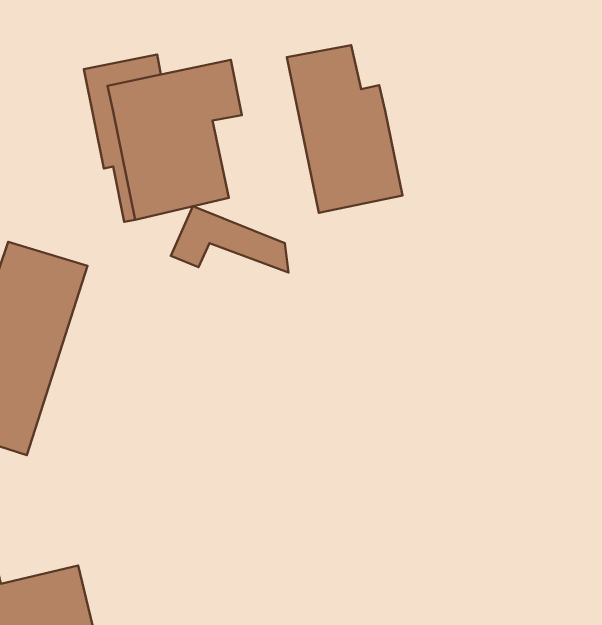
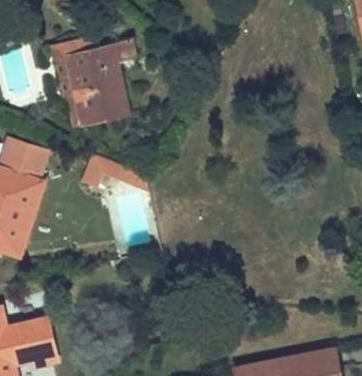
building: [287,45,402,213] -> none
building: [171,206,288,273] -> [82,153,146,190]

